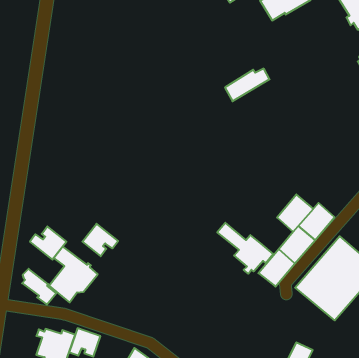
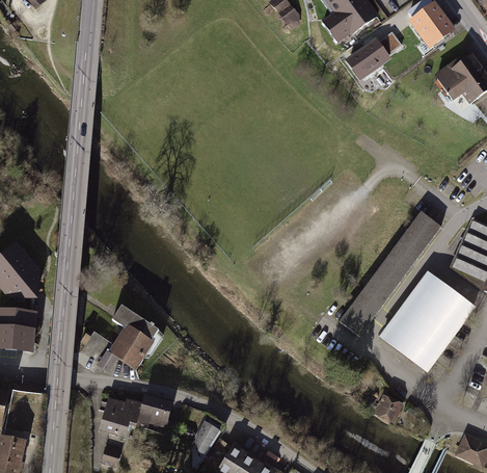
building: [225,69,270,101] -> [348,34,397,73]
building: [277,194,313,232] -> [401,212,440,254]
building: [217,223,273,274] -> none
building: [82,224,118,256] -> none
building: [30,226,66,260] -> none

